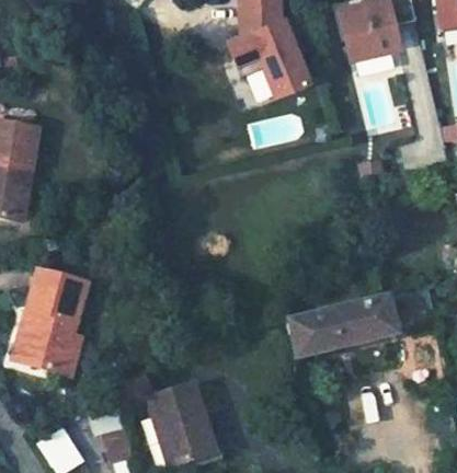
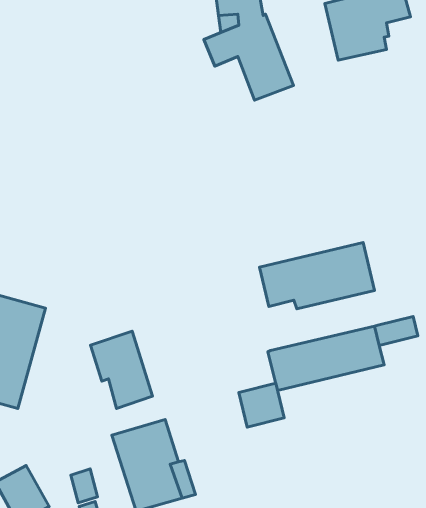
building: none -> [259,243,374,309]
building: none -> [90,331,152,408]
building: none -> [239,383,284,427]

